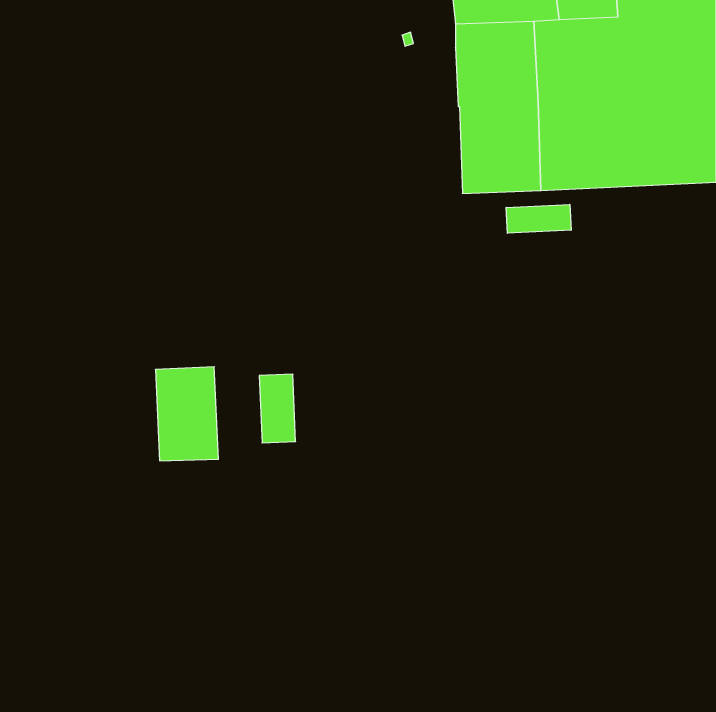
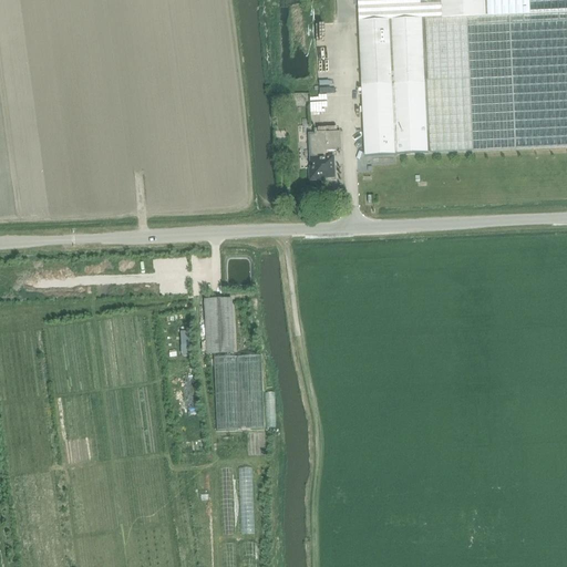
building: none -> [309,126,340,177]
building: [506,204,571,233] -> none
building: [155,367,218,461] -> [214,353,264,427]

